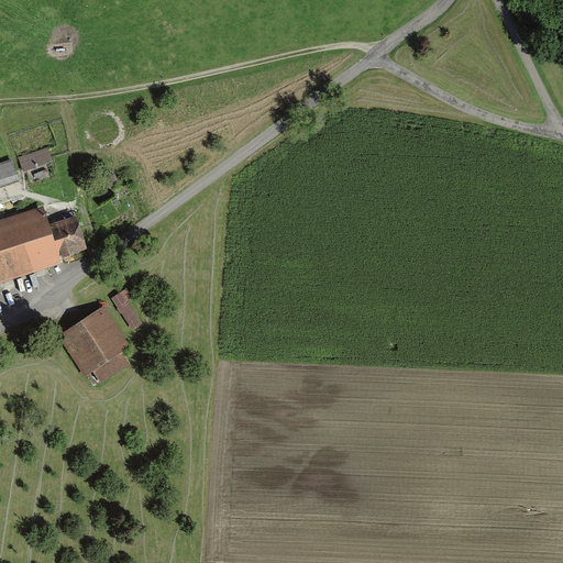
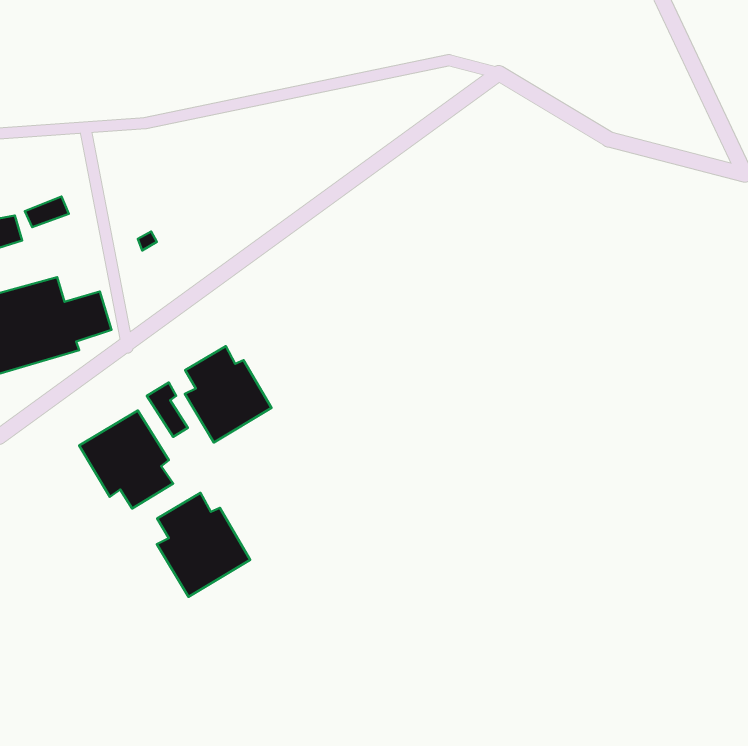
building: none -> [185,346,272,442]
building: none -> [157,493,250,597]

